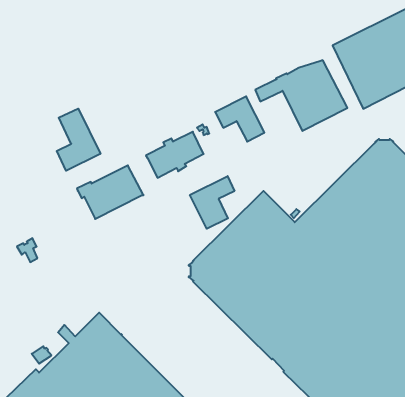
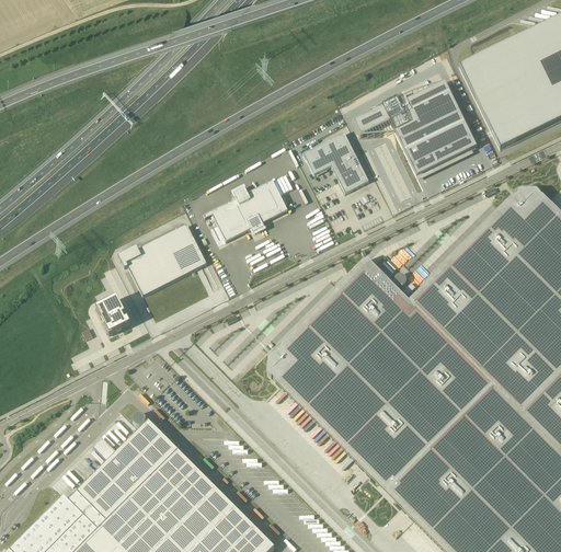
building: [57,109,100,171] -> none
building: [190,176,234,229] -> none
building: [17,238,37,262] -> [98,298,125,330]

